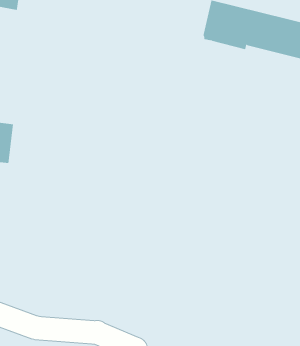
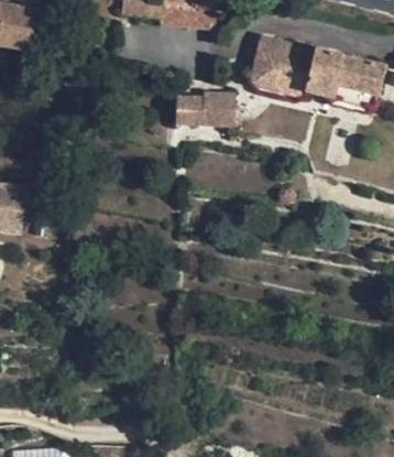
building: none -> [174,94,233,126]

